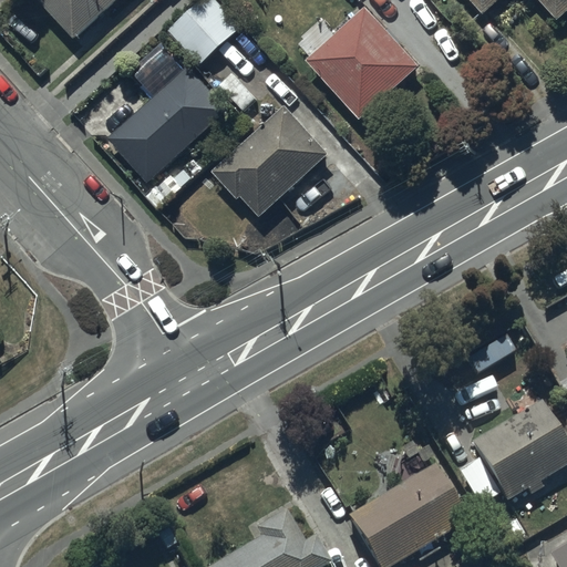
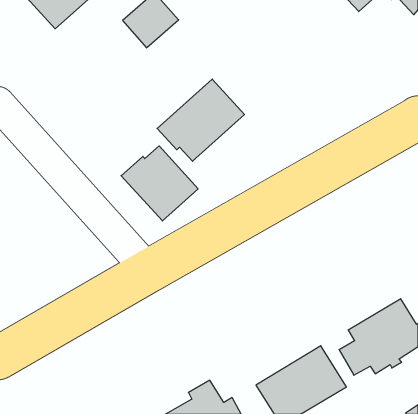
building: [306,6,421,121] -> none
building: [107,58,228,182] -> none
building: none -> [121,146,198,221]

